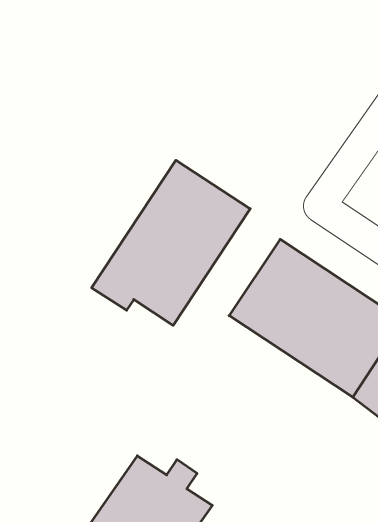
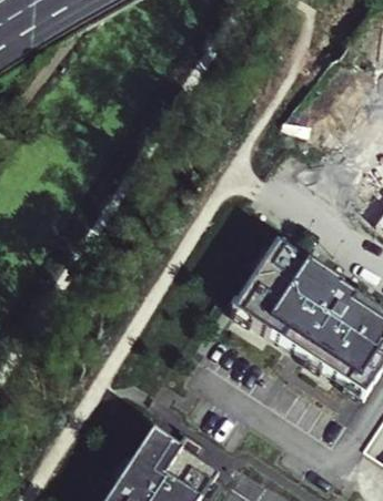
building: [92,160,250,325] -> none

